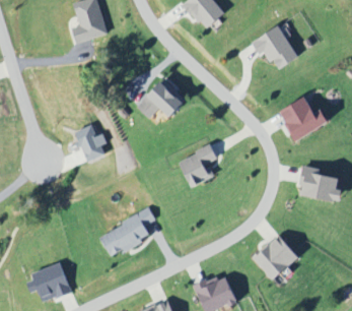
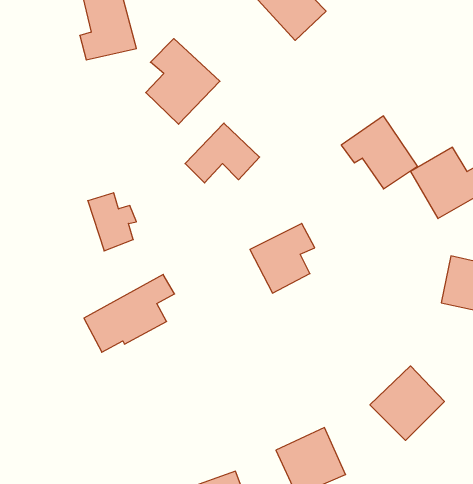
building: [252,24,299,70] -> [341,116,417,189]
building: none -> [146,39,220,124]
building: [98,207,155,256] -> [84,274,175,352]
building: [26,262,70,302] -> none

